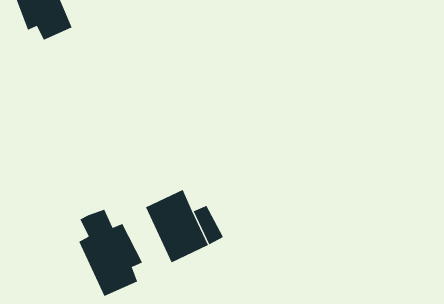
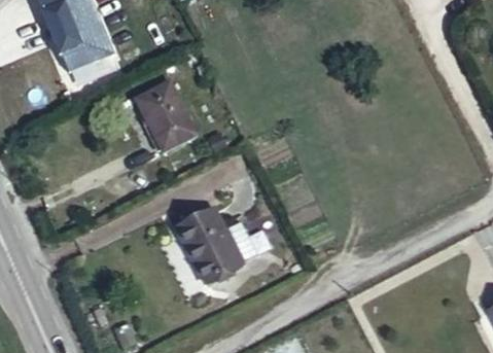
building: none -> [144,85,199,151]
building: [78,209,143,297] -> none

